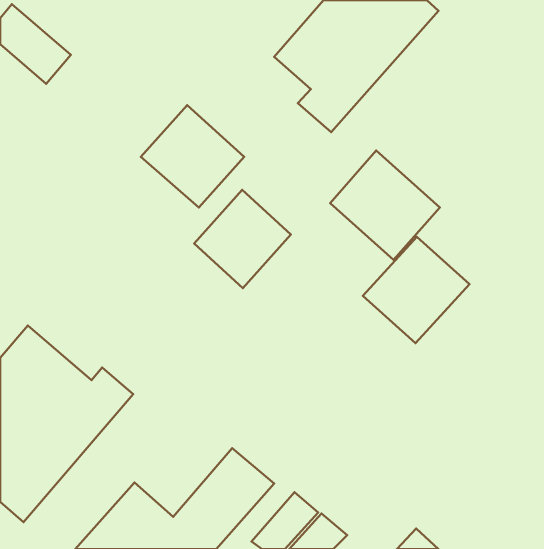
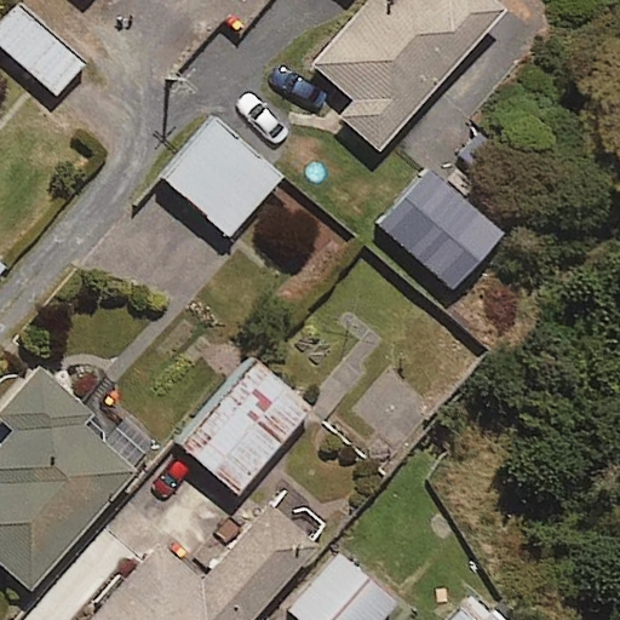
building: [194,190,291,288] -> none
building: [363,237,469,343] -> none
building: none -> [184,362,310,494]

